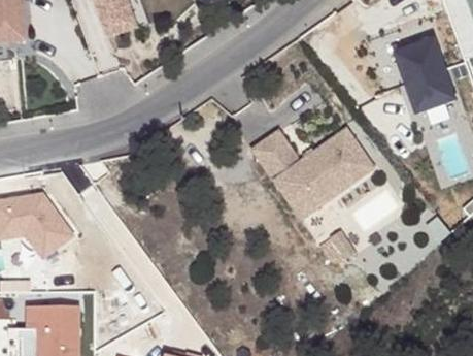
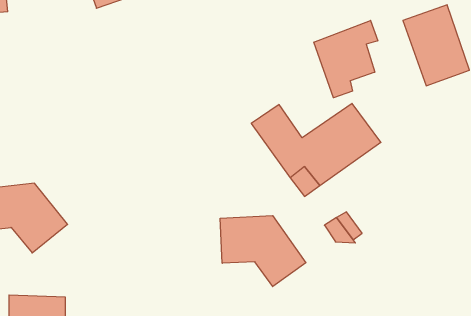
building: none -> [314,20,378,98]
building: none -> [220,216,306,287]

